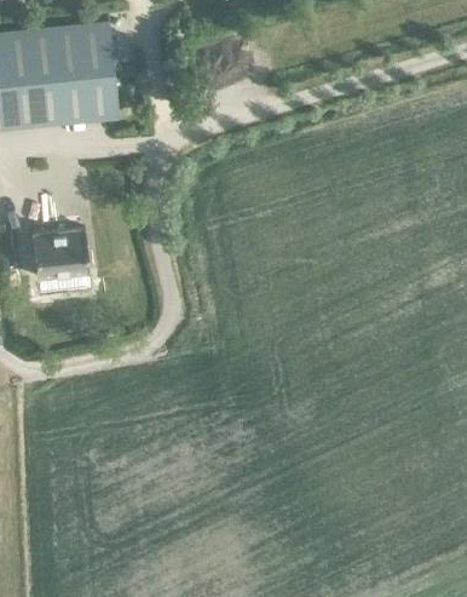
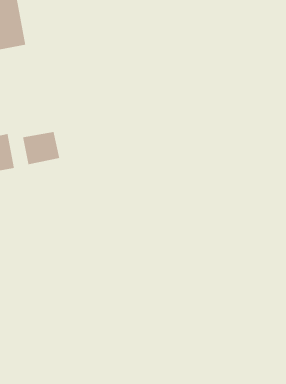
building: none -> [22,131,60,165]

